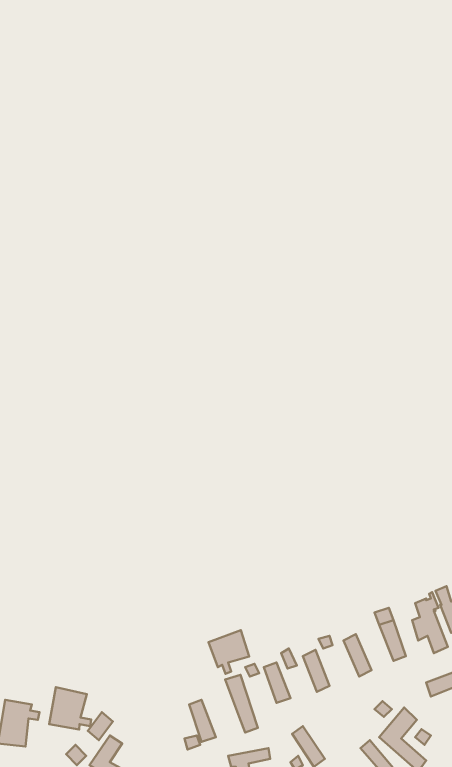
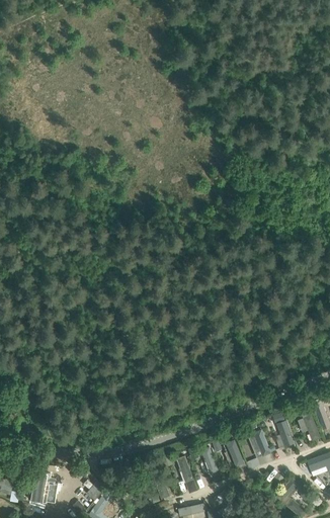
building: [209,630,249,674] -> none
building: [49,687,91,730] -> none

